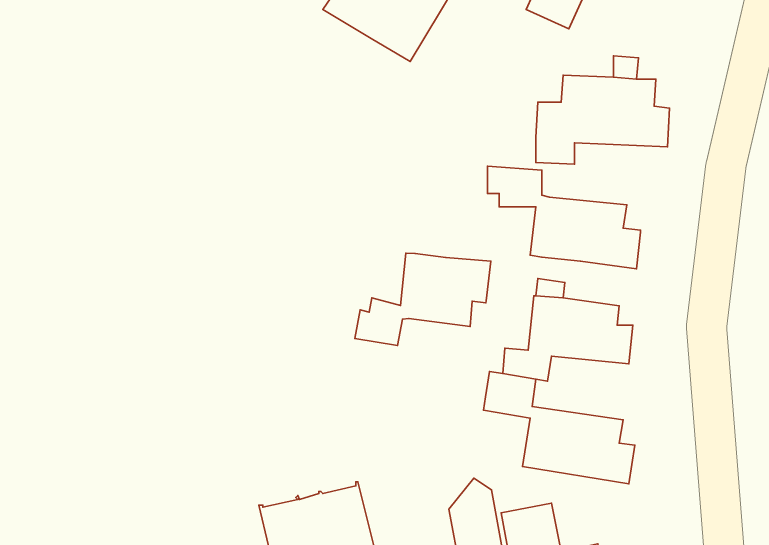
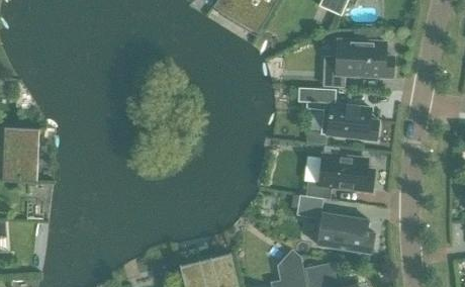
building: [355,253,491,346] -> none

